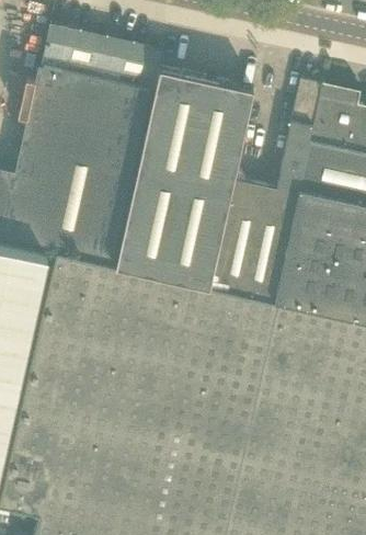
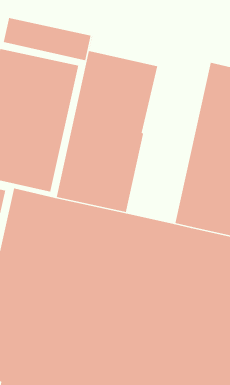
building: [208,82,321,305] -> none

